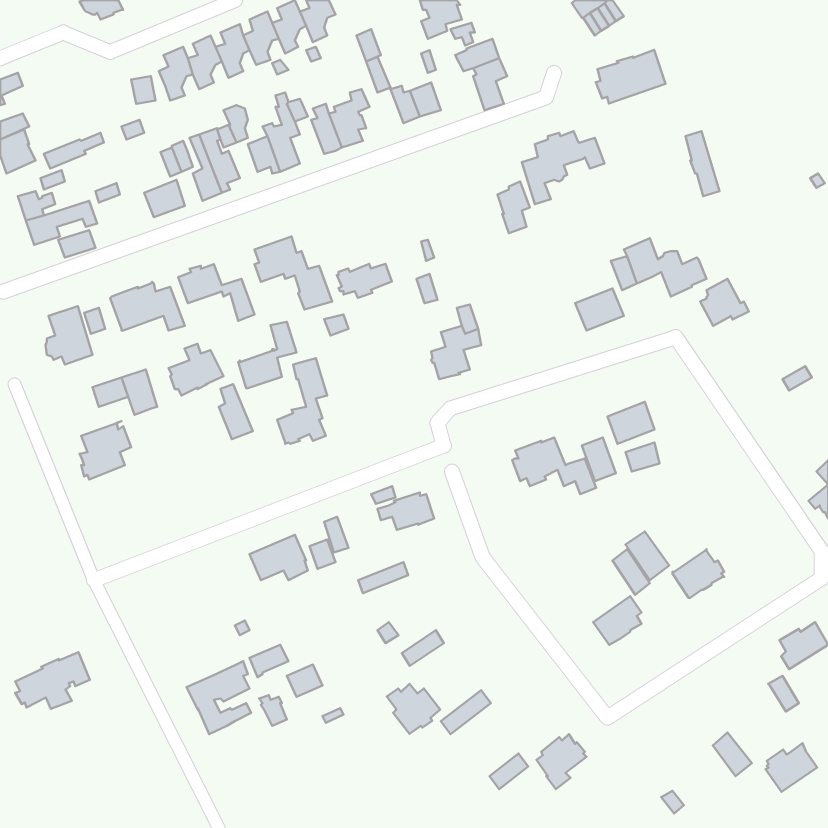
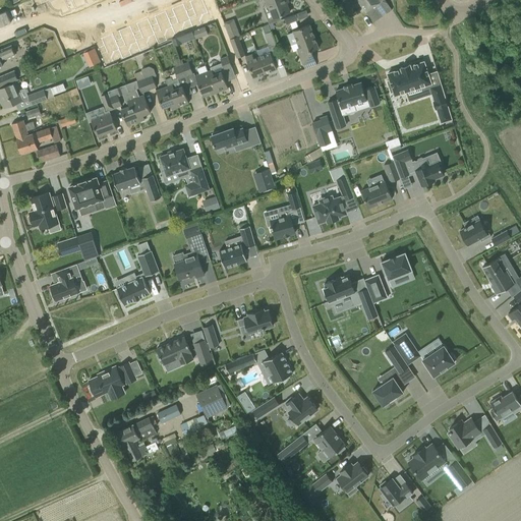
building: [596,50,665,103] -> [387,61,430,95]
building: [337,264,392,298] -> [213,130,247,152]
building: [700,279,749,326] -> [460,216,490,245]
building: none -> [312,176,354,223]
building: [238,322,297,388] -> [219,226,255,268]
building: [168,344,224,396] -> [116,273,151,305]
building: none -> [482,255,514,294]
building: none -> [260,351,292,383]
building: none -> [195,385,228,418]
building: [15,652,90,709] -> [89,362,135,398]
building: none -> [311,425,345,457]
building: [387,684,440,734] -> [284,393,317,424]
building: none -> [407,443,446,479]
building: [765,743,817,792] -> [448,417,480,448]
building: none -> [380,478,413,505]

